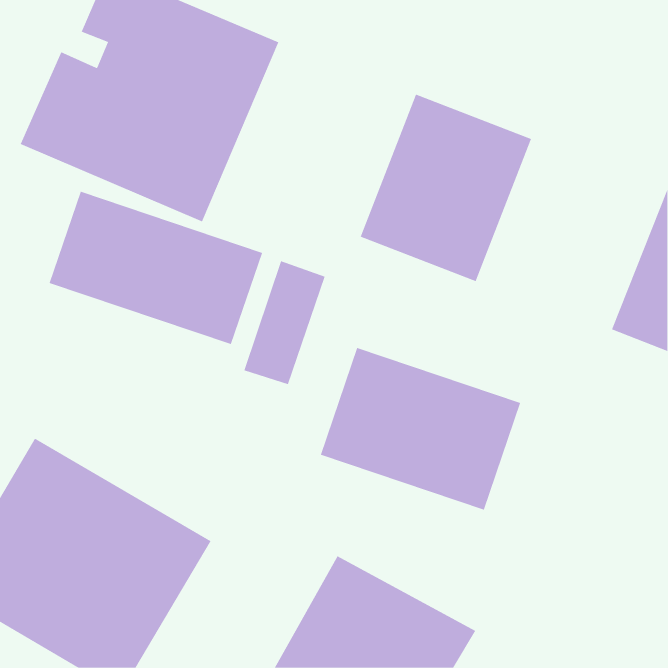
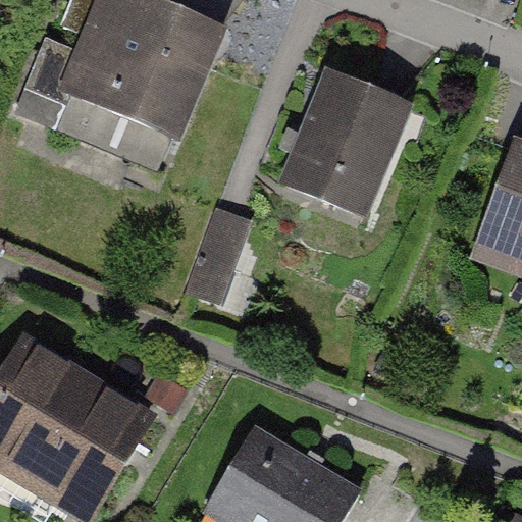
building: [49,191,263,345] -> none
building: [320,347,521,511] -> none

